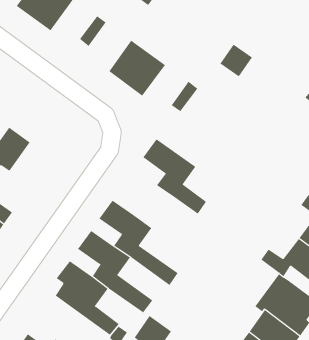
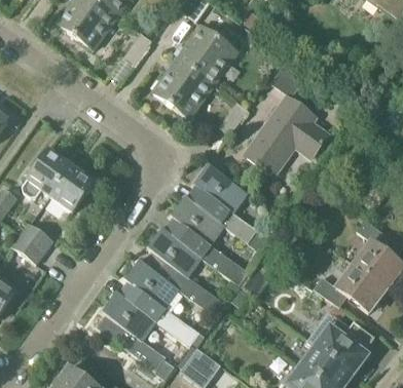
building: none -> [177,26,237,85]
building: none -> [250,98,328,168]
building: none -> [49,166,94,214]
building: none -> [167,194,263,285]

